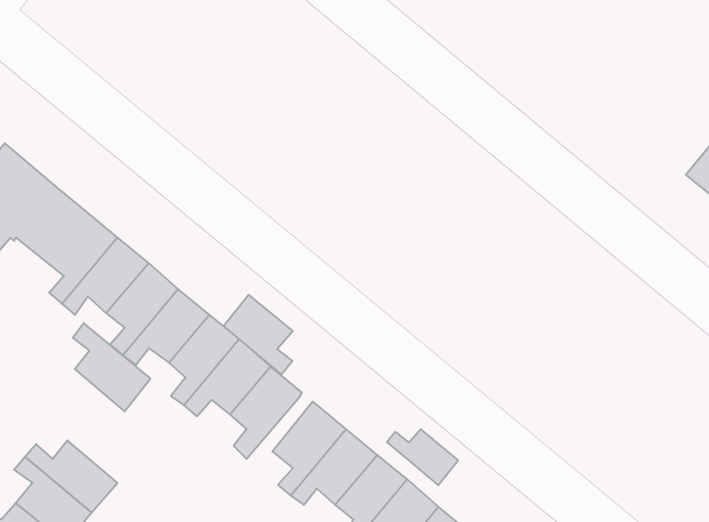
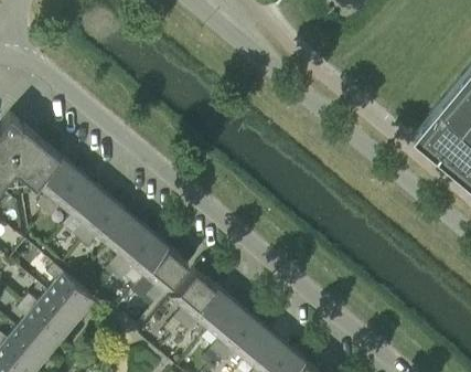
building: [224,295,293,375] -> none
building: [73,323,150,412] -> [49,266,95,319]
building: [387,429,458,485] -> none

